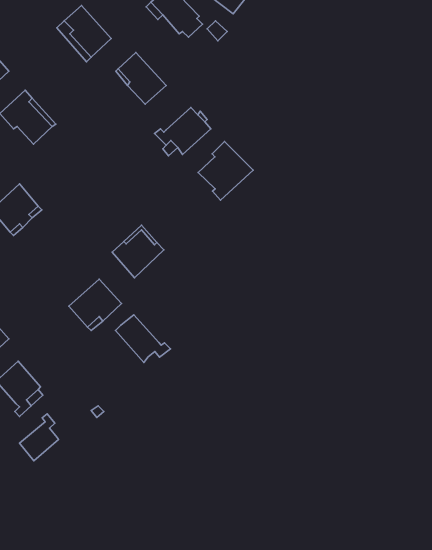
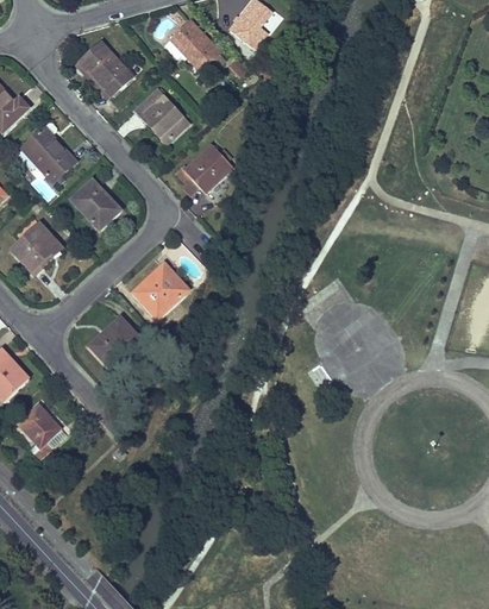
building: [198,142,253,200] -> none
building: none -> [71,178,120,228]
building: [115,315,170,363] -> none
building: [19,414,59,461] -> none

